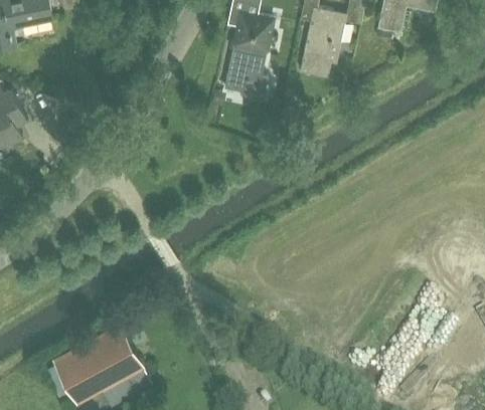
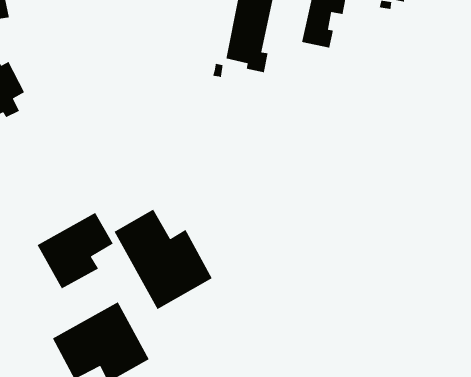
building: none -> [114,209,213,310]
building: none -> [36,212,114,289]

